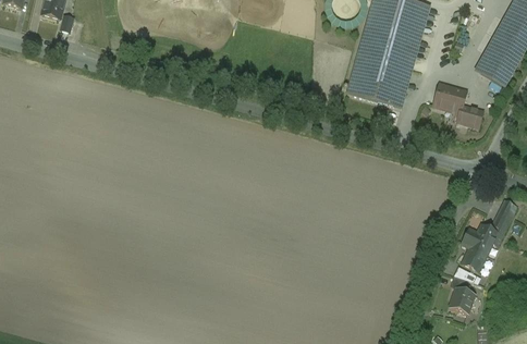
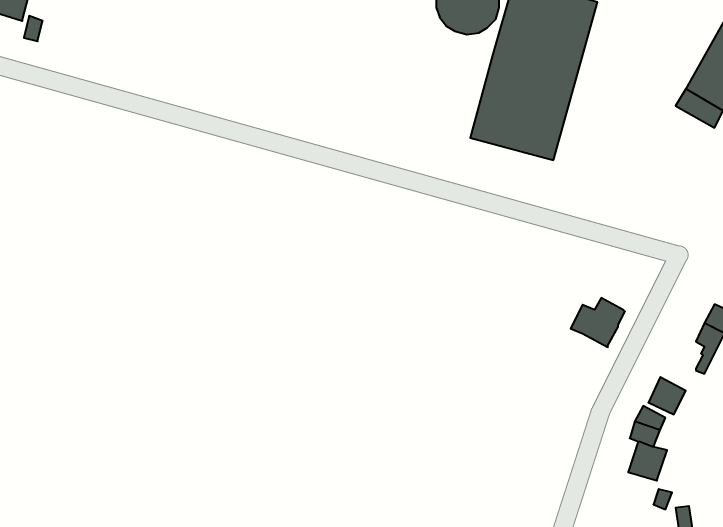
building: [432,83,482,126] -> none
building: [462,223,497,255] -> [571,298,625,347]

